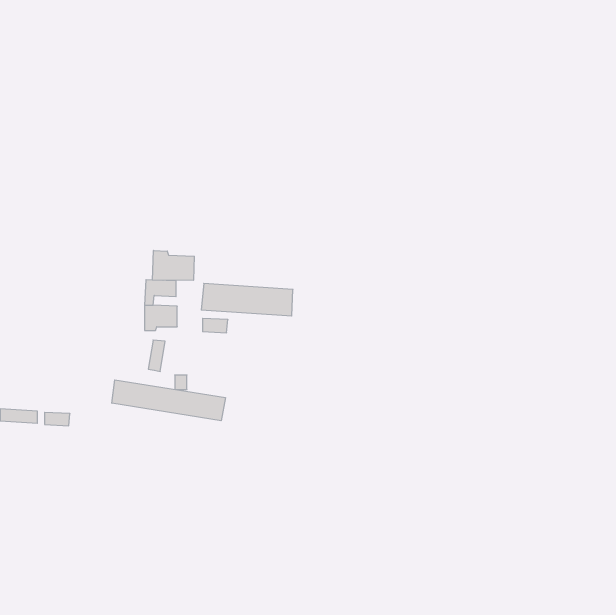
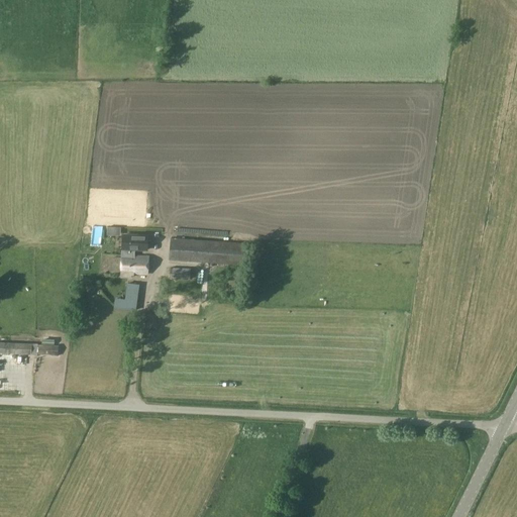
building: [152,250,194,280] -> none
building: [112,380,225,421] -> none

